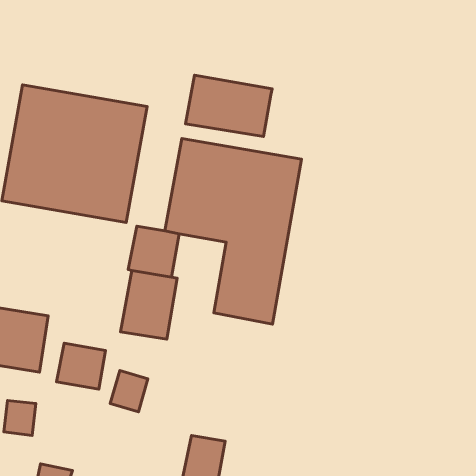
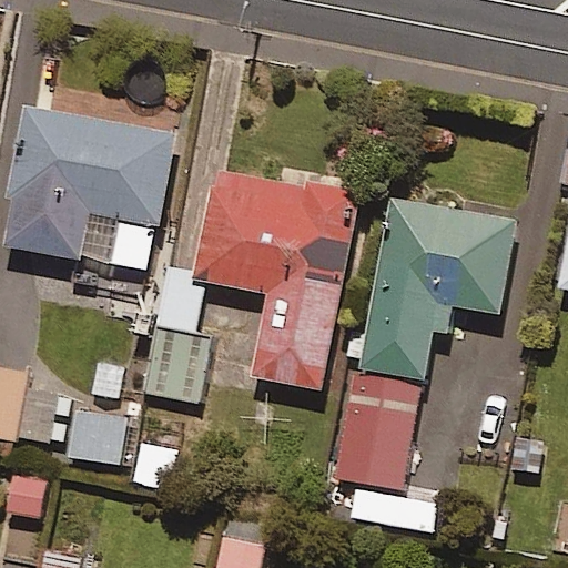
building: [186,75,272,137] -> none
building: none -> [361,200,515,376]
building: none -> [332,375,432,530]

